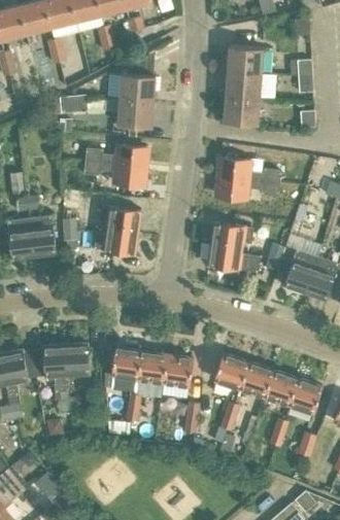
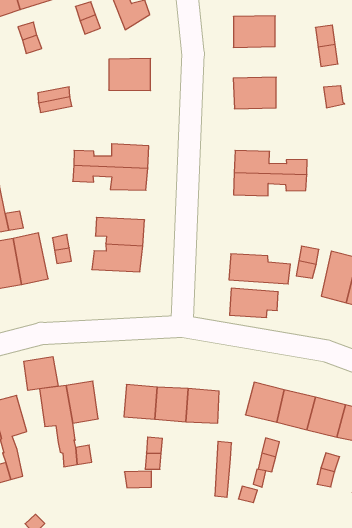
building: [225,72,262,100] -> none
building: [117,100,155,129] -> none
building: [211,222,253,249] -> [230,288,278,317]
building: none -> [24,357,58,390]

